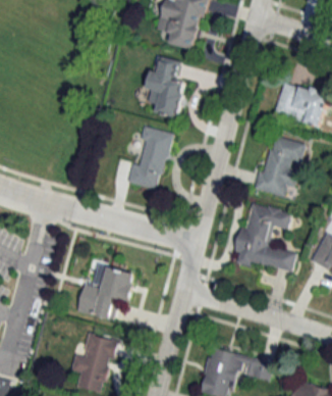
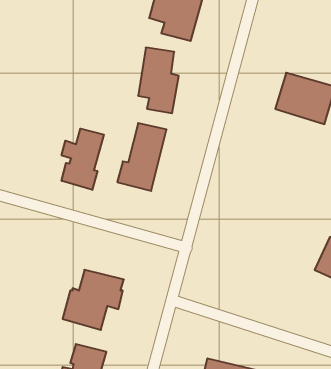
building: none -> [62,129,104,190]
building: [253,136,305,198] -> none
building: [235,203,295,273] -> none

